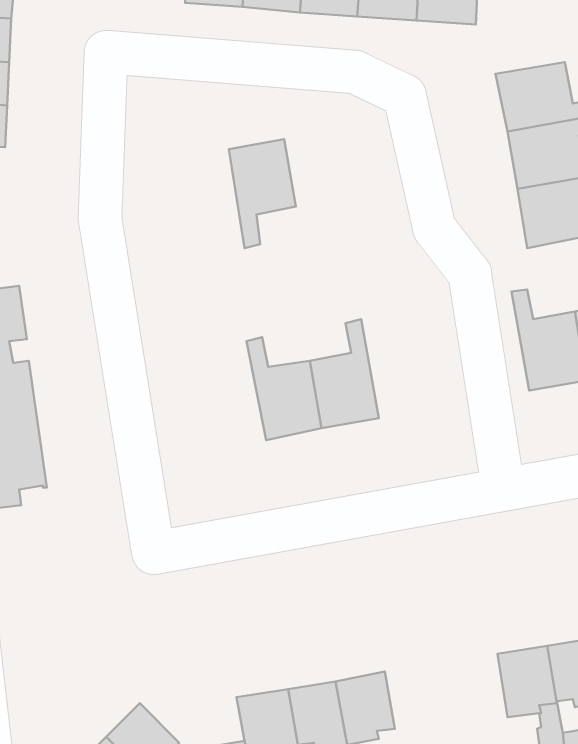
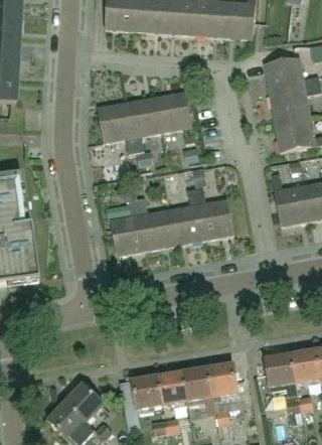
building: none -> [157,91,195,143]
building: none -> [99,102,137,153]
building: none -> [196,187,234,239]
building: none -> [112,189,148,255]
building: none -> [208,363,239,400]

